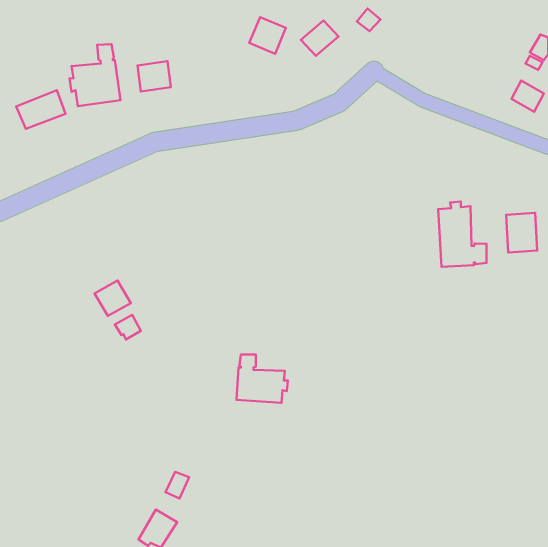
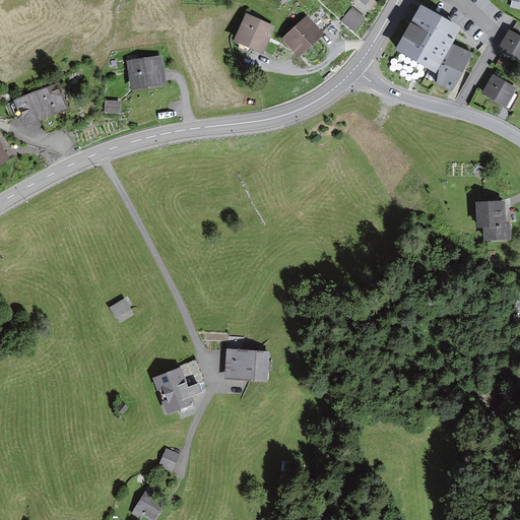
building: none -> [397,6,471,90]
building: [69,44,120,106] -> none
building: [438,202,487,267] -> none
building: [95,280,131,316] -> none
building: none -> [151,367,202,414]

